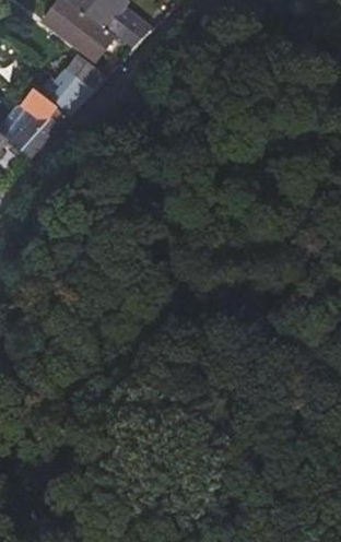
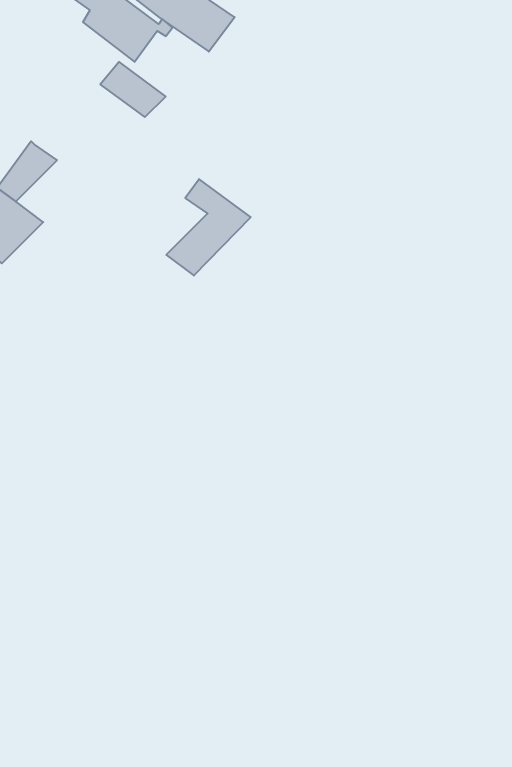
building: [40,63,93,111] -> none
building: [11,93,64,154] -> [166,179,251,276]

